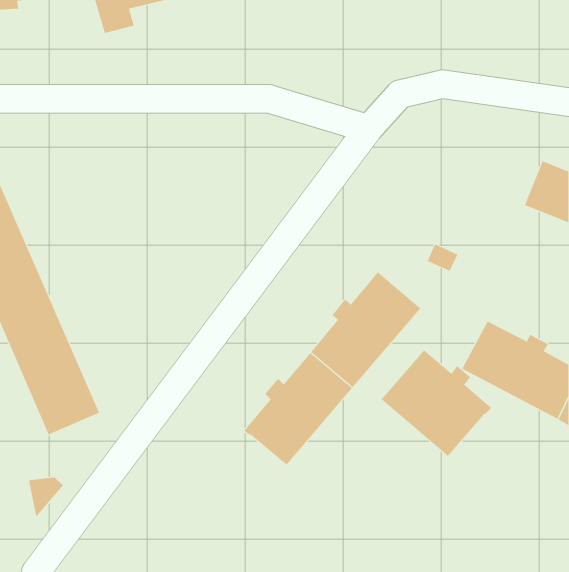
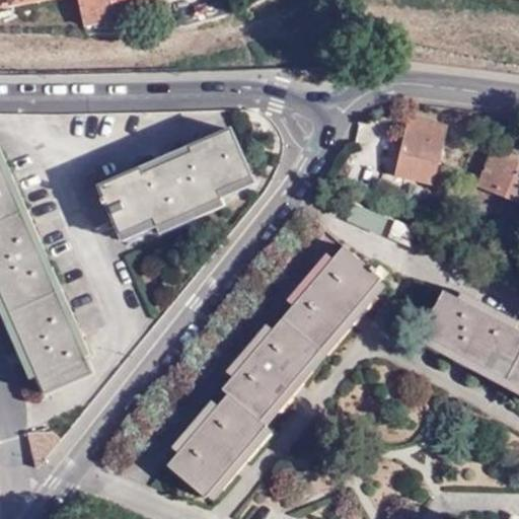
building: none -> [392,117,445,184]
building: none -> [96,129,249,234]
building: [381,349,492,457] -> none
building: none -> [165,393,266,498]

